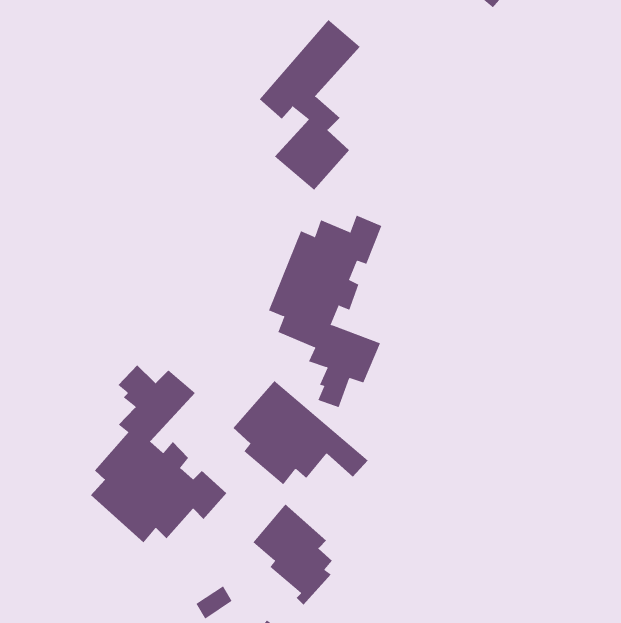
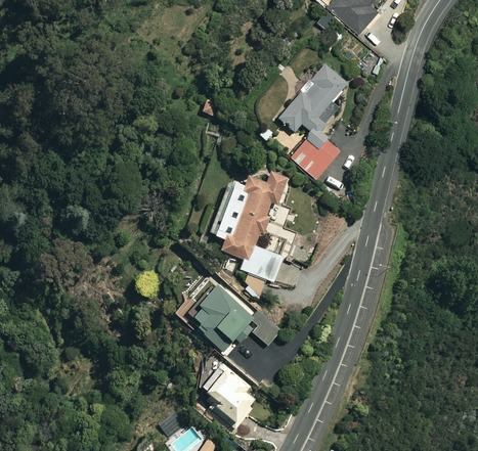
building: [259,19,361,190] -> [278,64,346,178]
building: [90,364,227,543] -> none

